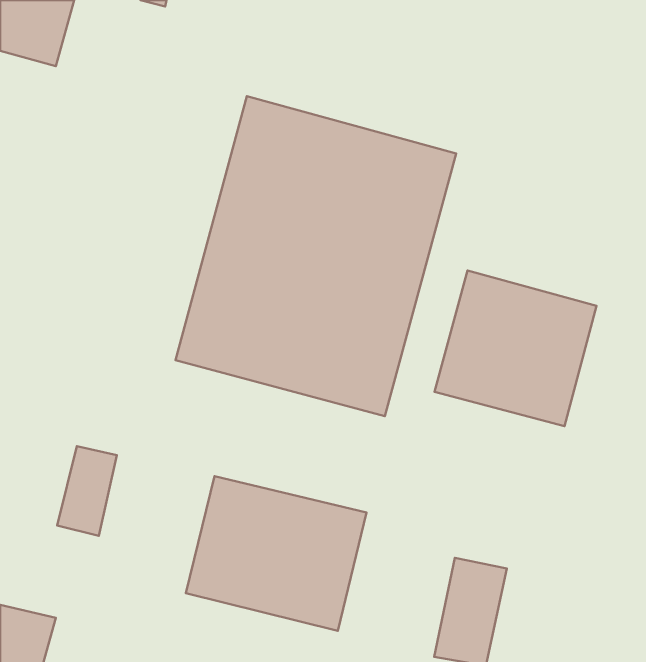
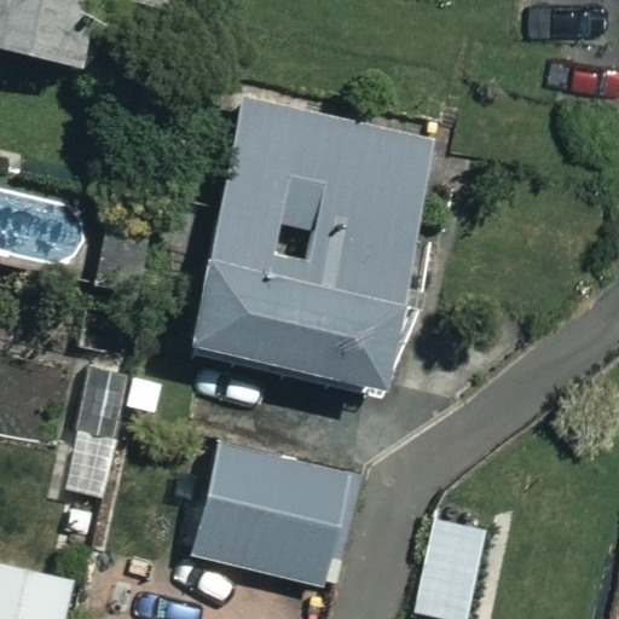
building: [435,271,597,426] -> none

